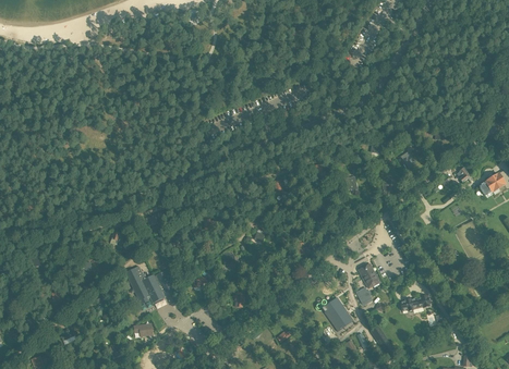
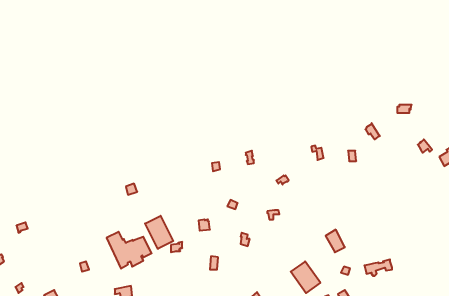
building: none -> [145,216,173,249]

